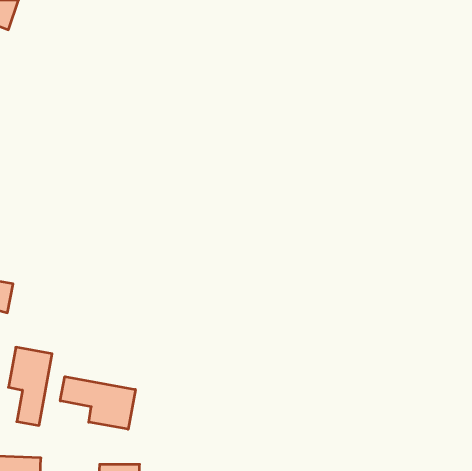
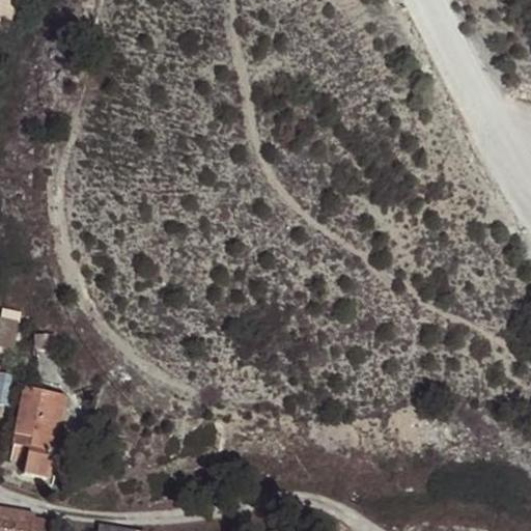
building: [60,377,135,429] -> none

